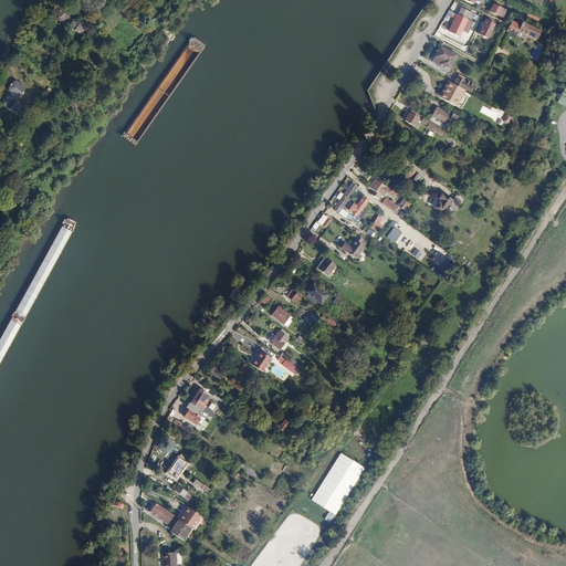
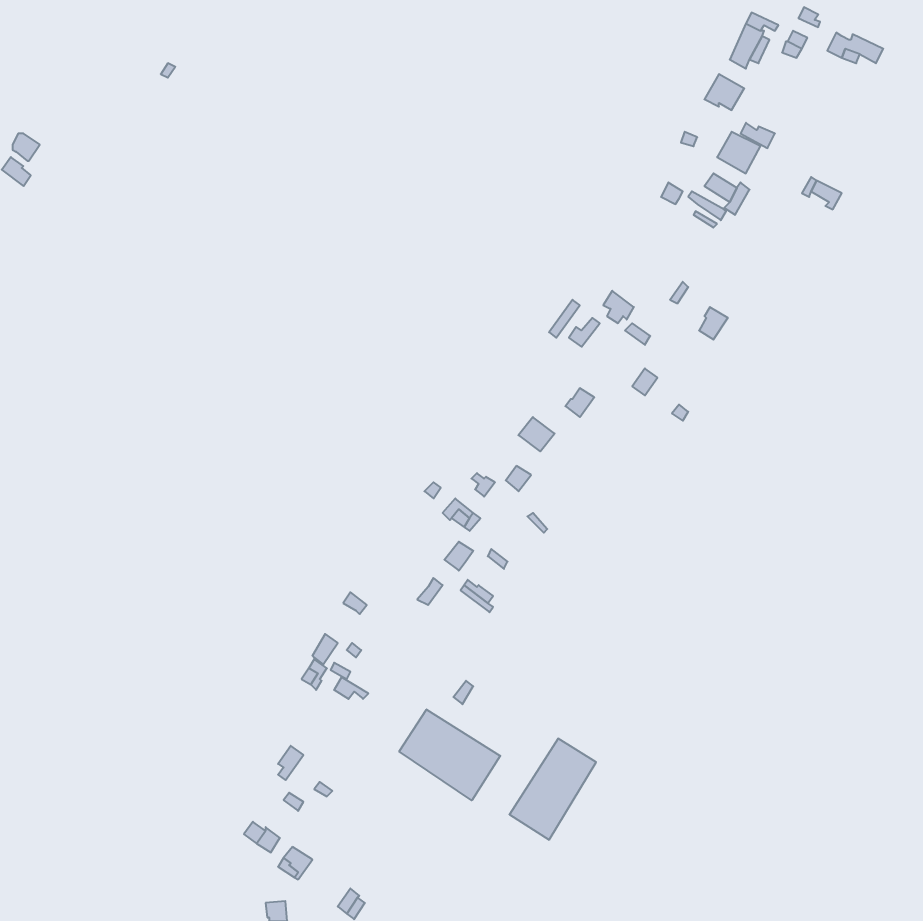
building: none -> [399,709,500,800]

